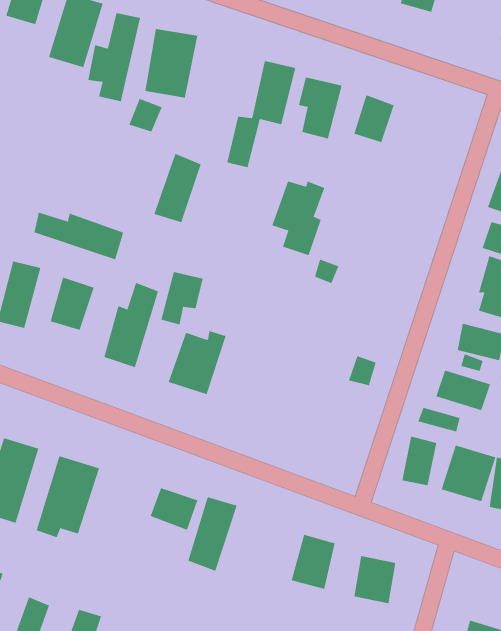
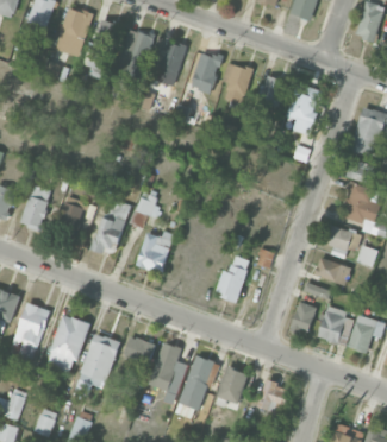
building: [153,153,202,223] -> [154,39,186,86]
building: [272,181,325,256] -> [285,86,320,135]
building: [34,212,124,260] -> none
building: none -> [214,254,250,301]
building: none -> [77,333,119,389]
building: none -> [177,354,217,410]

